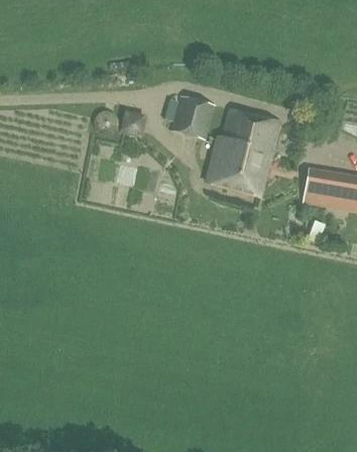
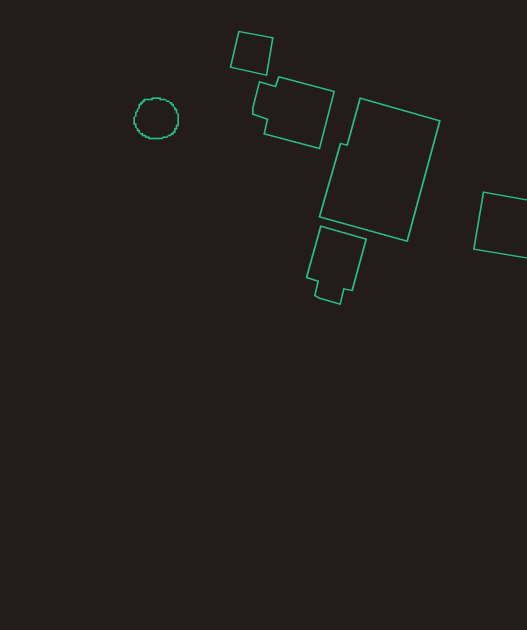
building: [118,109,144,136] -> [231,31,273,75]
building: none -> [307,226,366,304]

